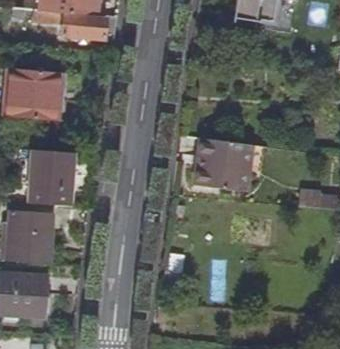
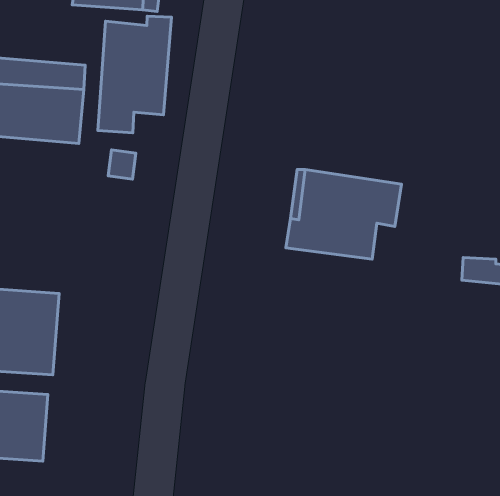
building: none -> [98,16,171,133]
building: [29,150,74,206] -> none

